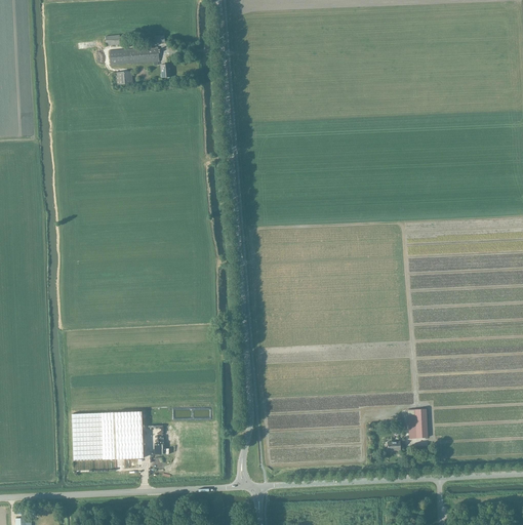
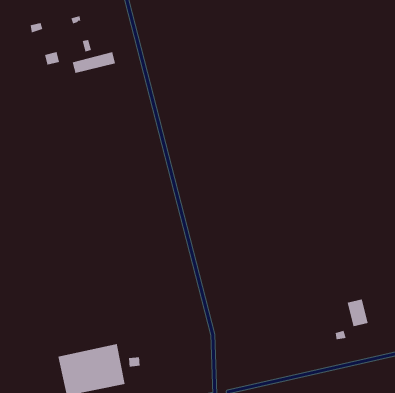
building: [110,47,159,65] -> [72,51,116,74]

